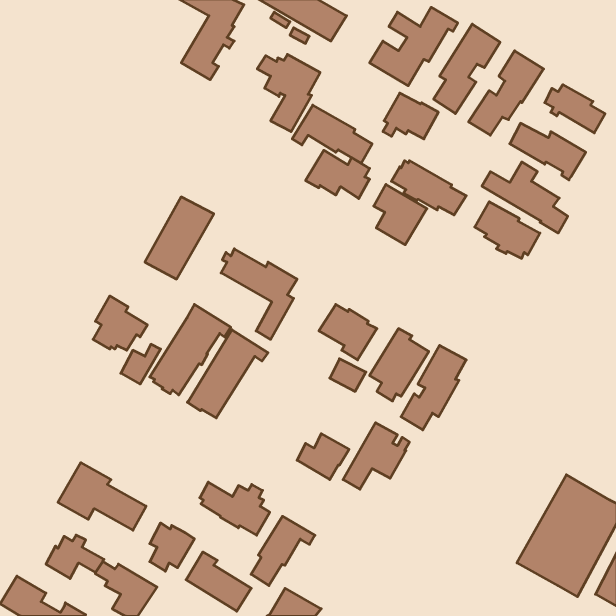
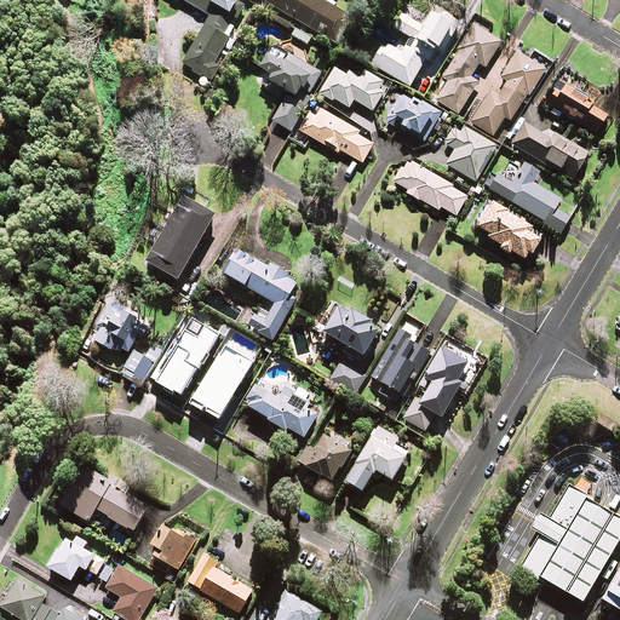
building: [306,150,370,199] -> [320,63,384,111]
building: [374,184,427,245] -> [444,121,498,182]
building: [200,482,270,535] -> [247,384,317,437]
building: [251,516,315,586] -> none

